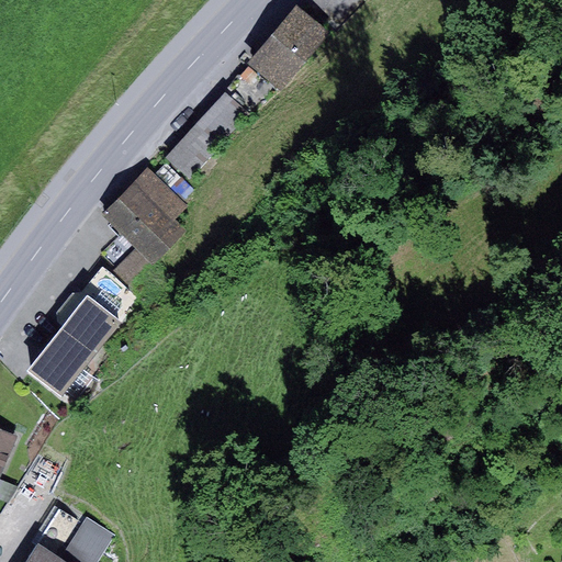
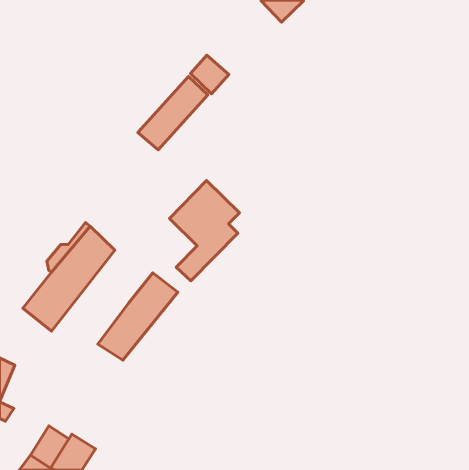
building: [247,4,329,91] -> none
building: [103,168,187,288] -> [170,181,240,281]
building: none -> [98,273,178,360]

